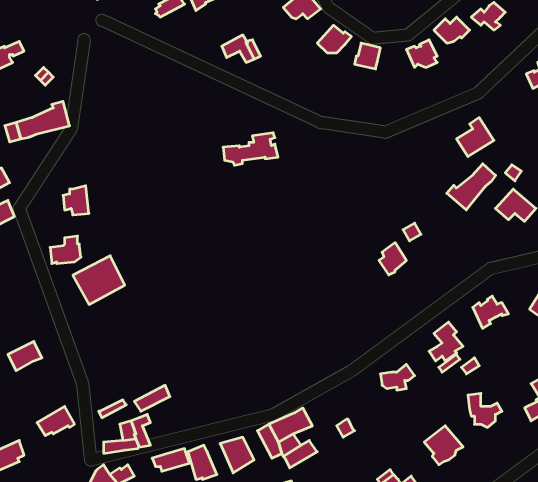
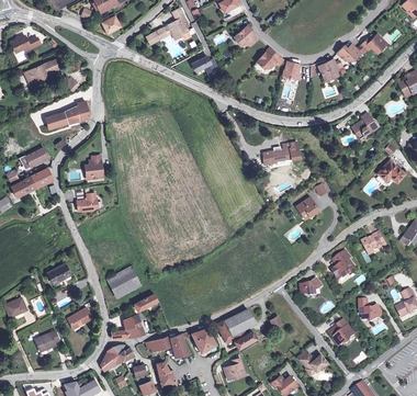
building: [223,133,278,165] -> [262,142,300,163]
building: [447,164,496,210] -> none
building: [73,256,125,304] -> [105,265,140,298]

